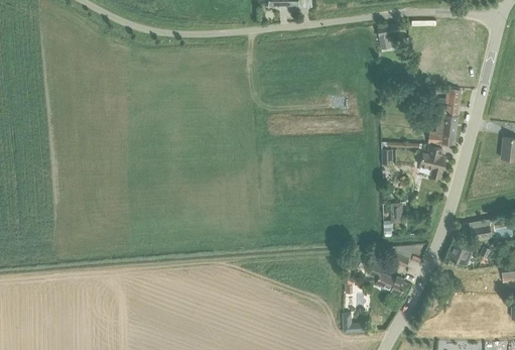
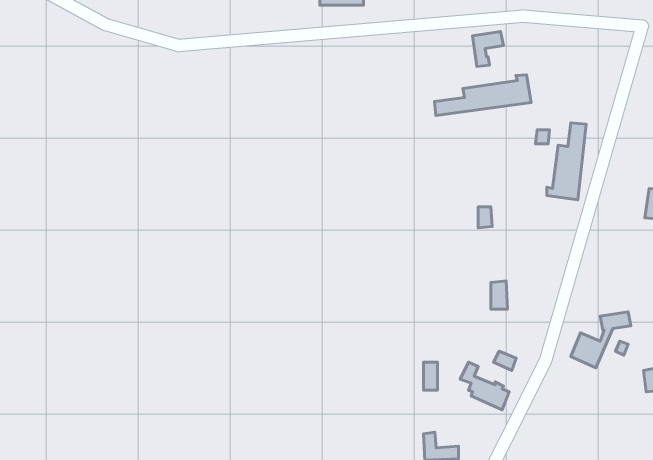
building: none -> [434,75,531,115]
building: [418,147,446,179] -> none

